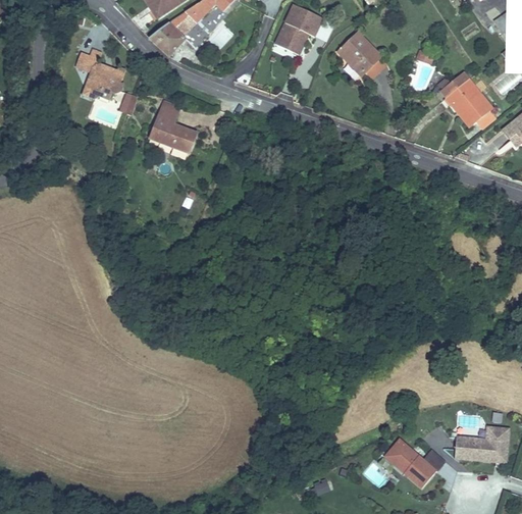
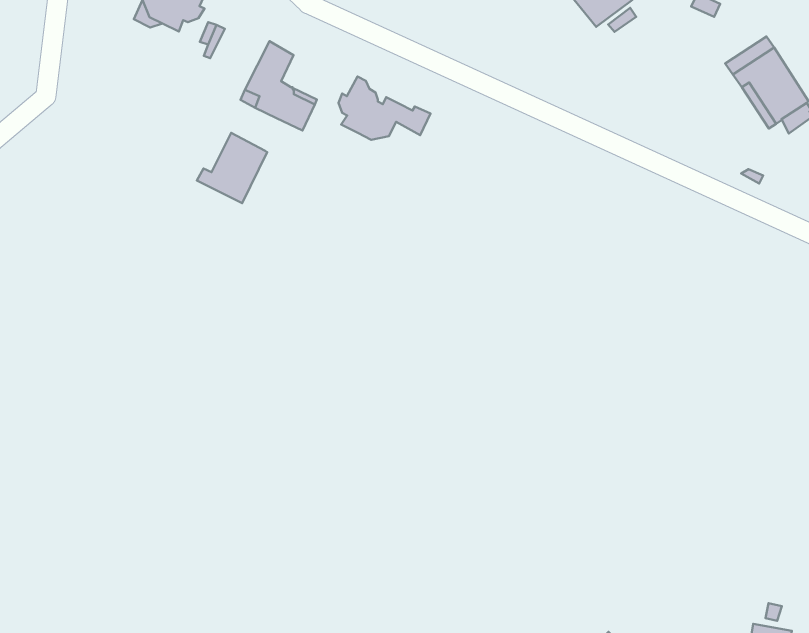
building: none -> [339,77,431,140]
building: none -> [197,133,267,203]

